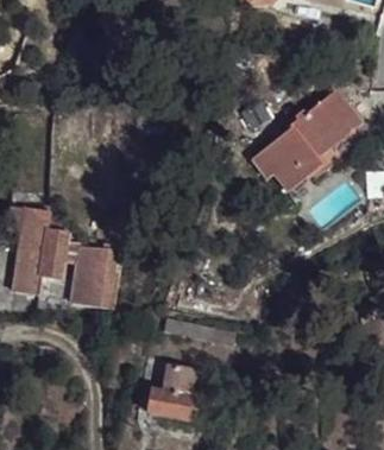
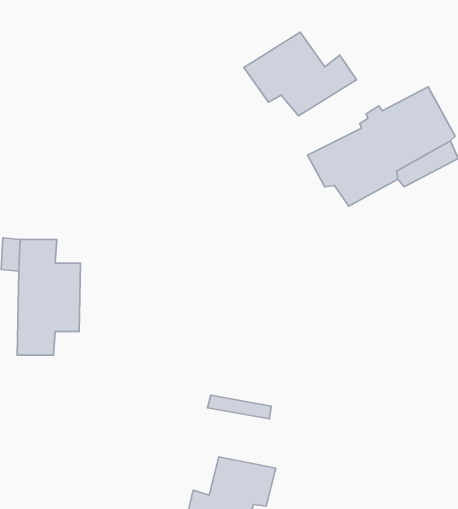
building: none -> [244,32,357,116]
building: [77,245,119,304] -> none

